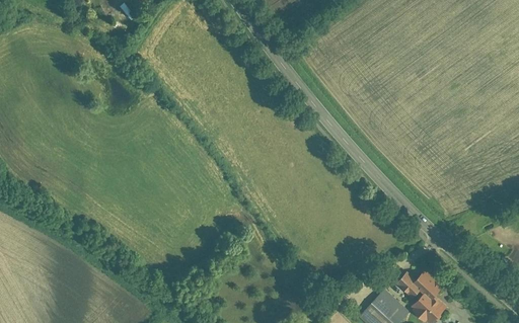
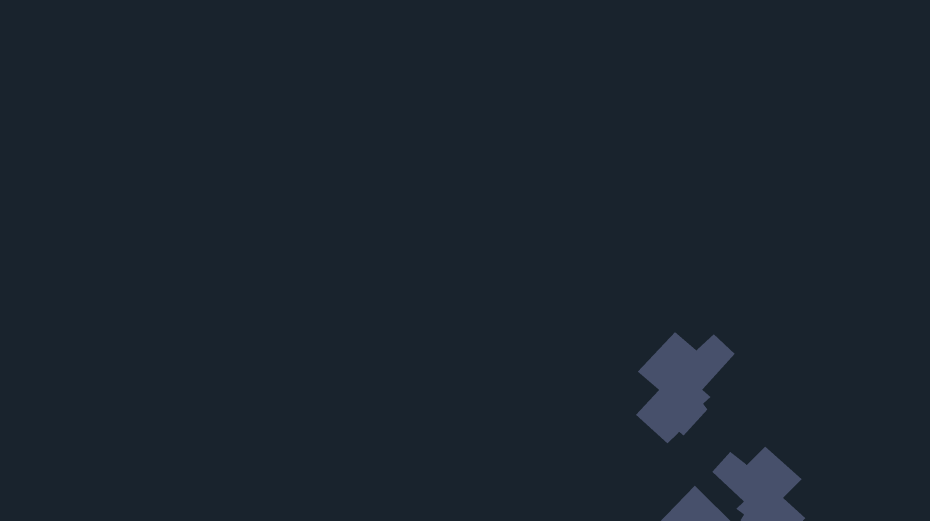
building: none -> [635,331,735,444]

